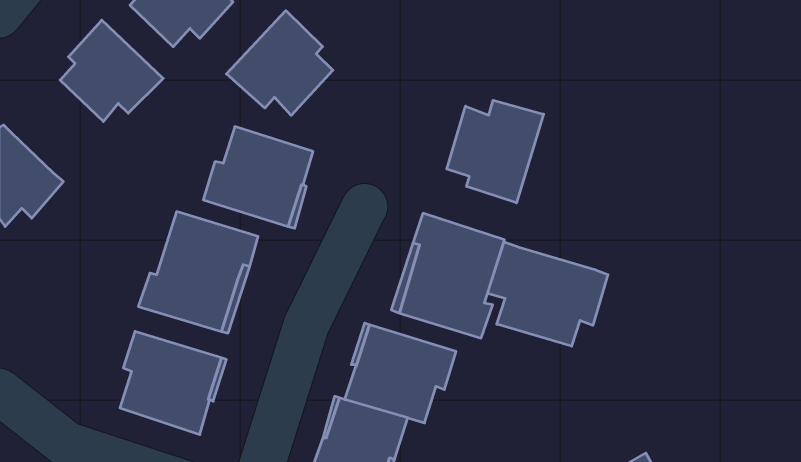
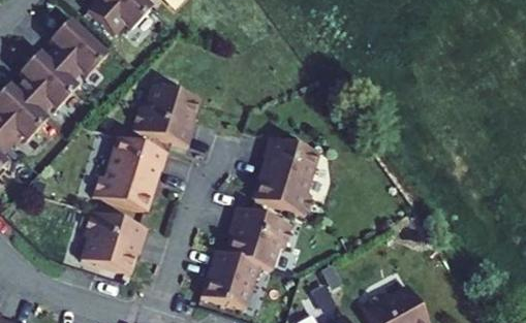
building: [226,11,333,115] -> none
building: none -> [14,51,78,112]
building: [447,100,544,203] -> none
building: [487,242,608,346] -> none

